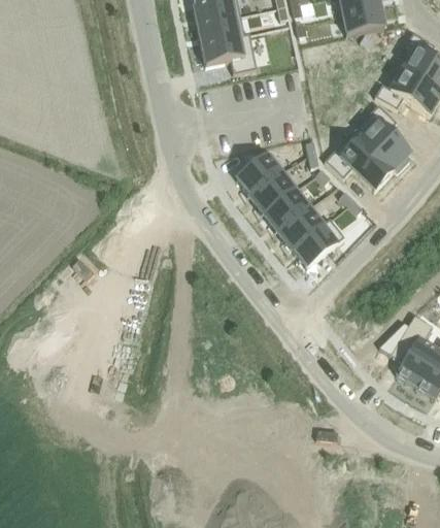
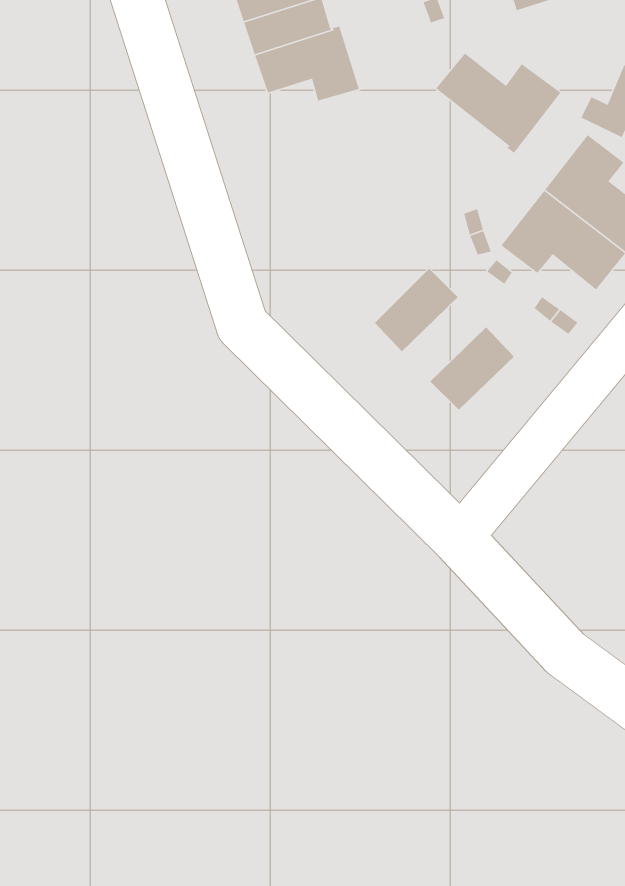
building: none -> [435,53,561,154]
building: [237,153,284,197] -> none
building: [265,188,312,232] -> none
building: [293,220,344,268] -> none

